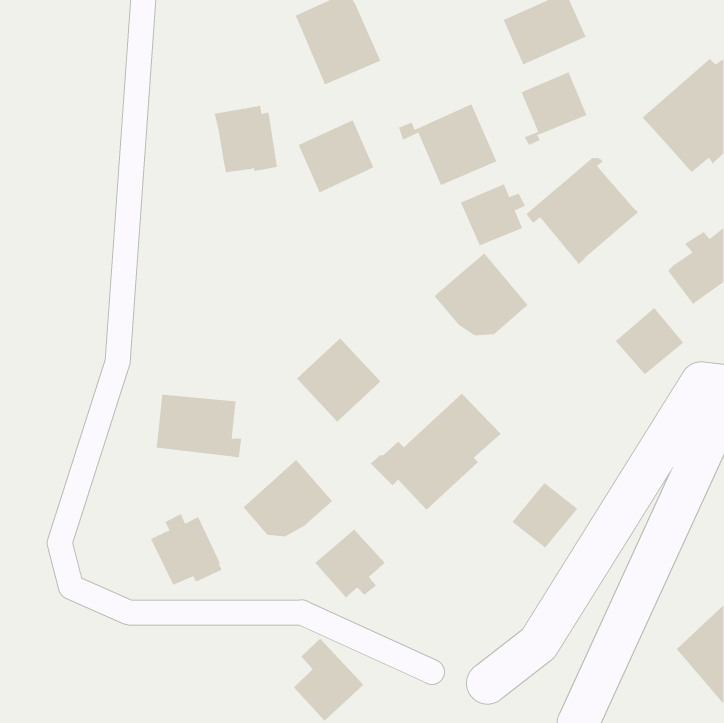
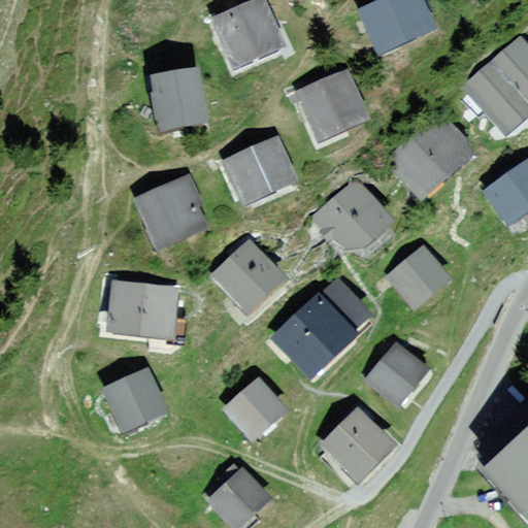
building: [521,71,587,146] -> none
building: [298,119,374,193] -> [233,143,289,197]
building: [460,184,526,246] -> none
building: none -> [140,183,201,244]
building: [615,307,684,375] -> [393,253,443,302]
building: [243,459,333,537] -> none
building: none -> [326,415,389,477]

